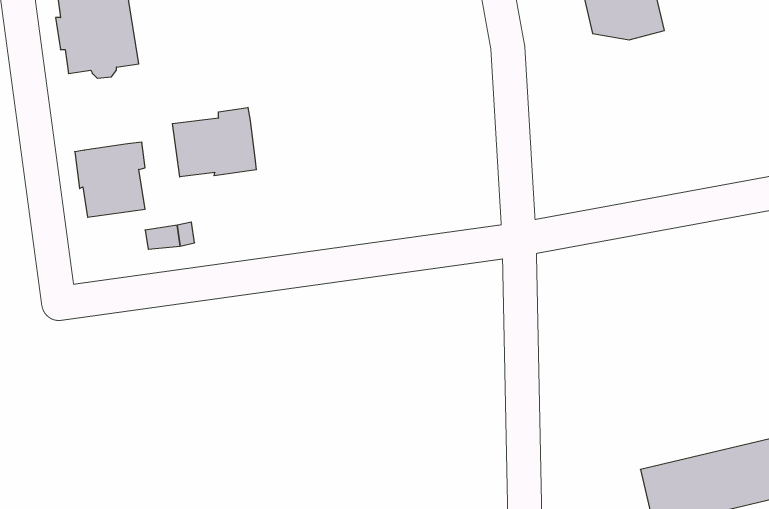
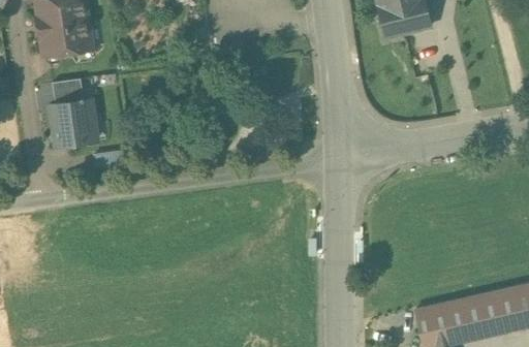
building: [172,107,256,177] -> none
building: none -> [53,78,84,103]

